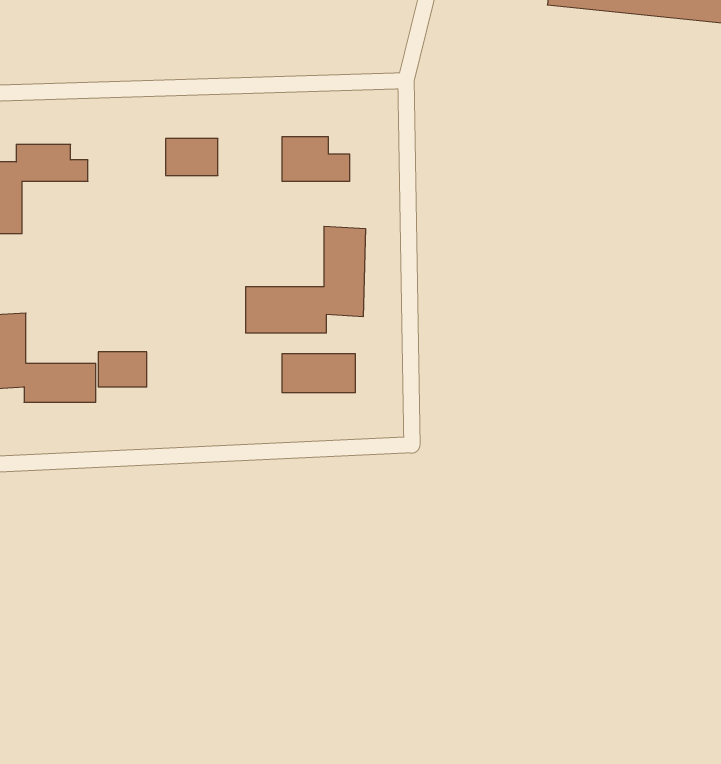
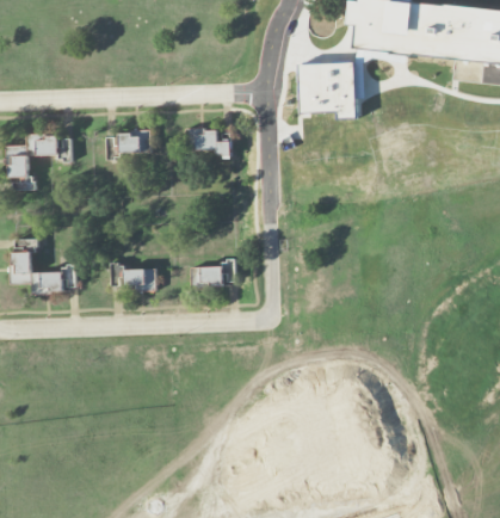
building: none -> [300,61,359,118]
building: [246,226,365,333] -> none
building: [98,352,147,387] -> [125,269,155,290]

